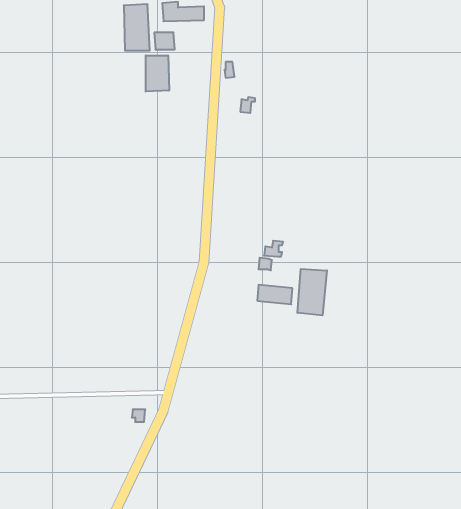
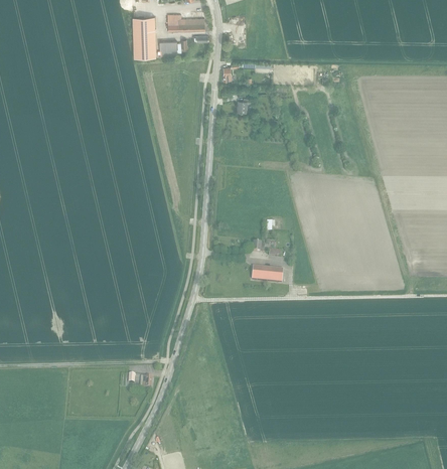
building: [146,55,169,92] -> none
building: [297,269,327,315] -> none

